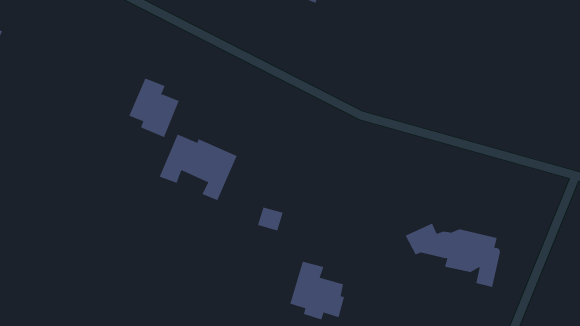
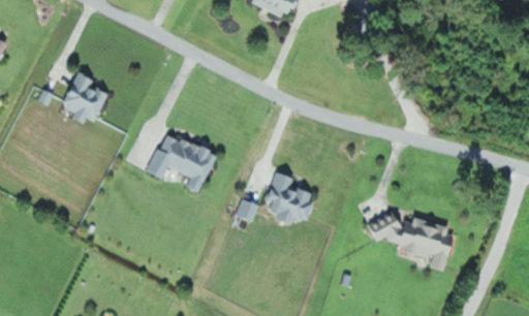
building: [129,78,179,138] -> [61,72,106,126]
building: [289,261,345,320] -> [262,172,312,225]

